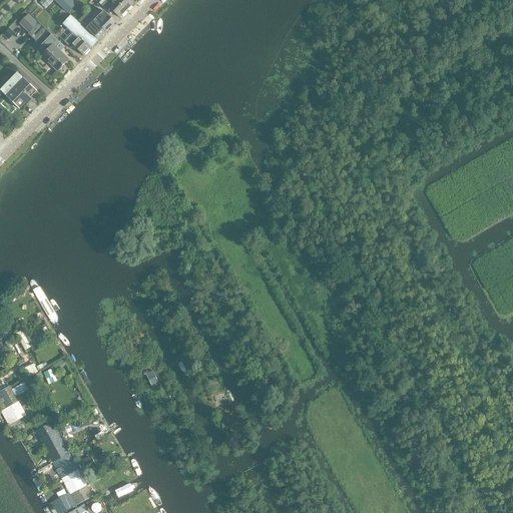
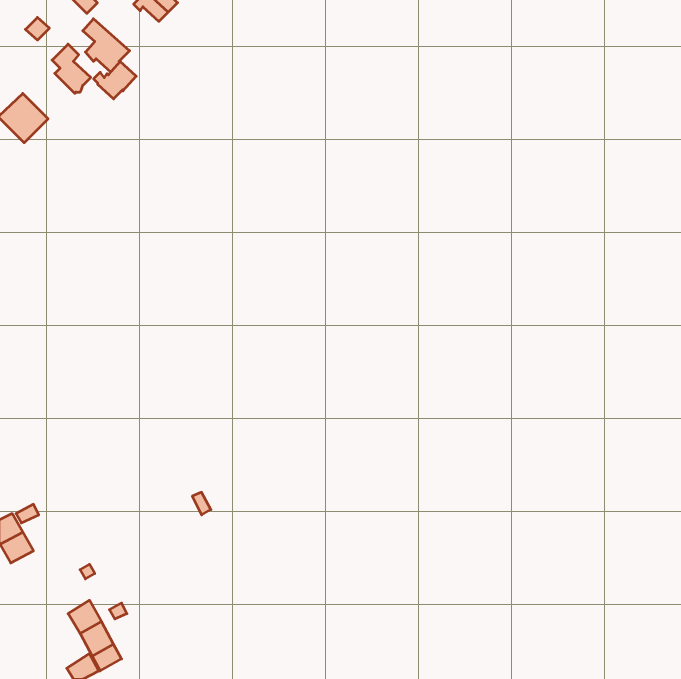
building: [83,9,115,37] -> [94,62,136,99]
building: [34,421,67,461] -> none

